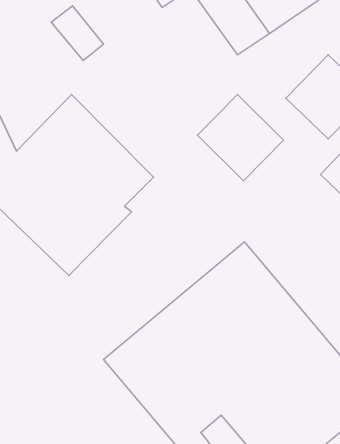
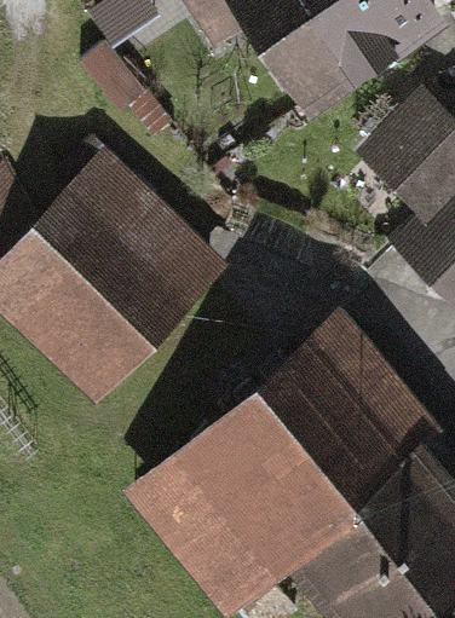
building: [198,94,284,181] -> none

